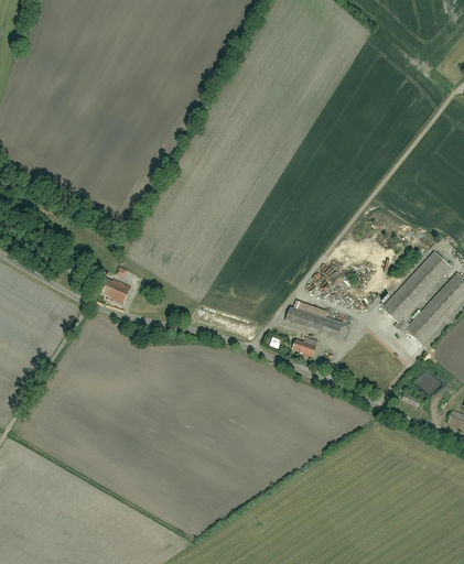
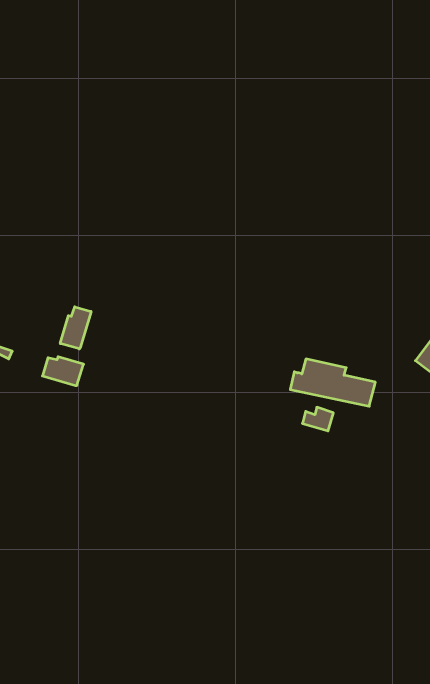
building: none -> [60,307,91,349]

